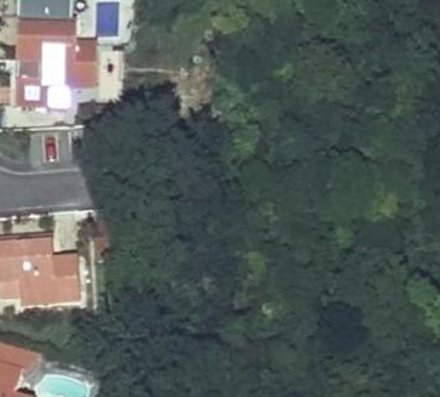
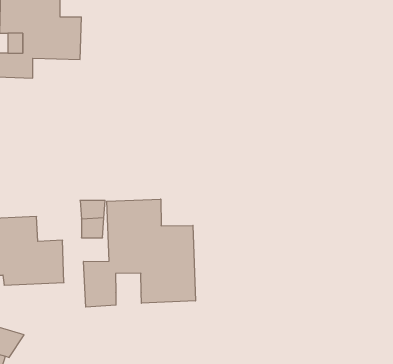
building: none -> [84,199,195,307]

